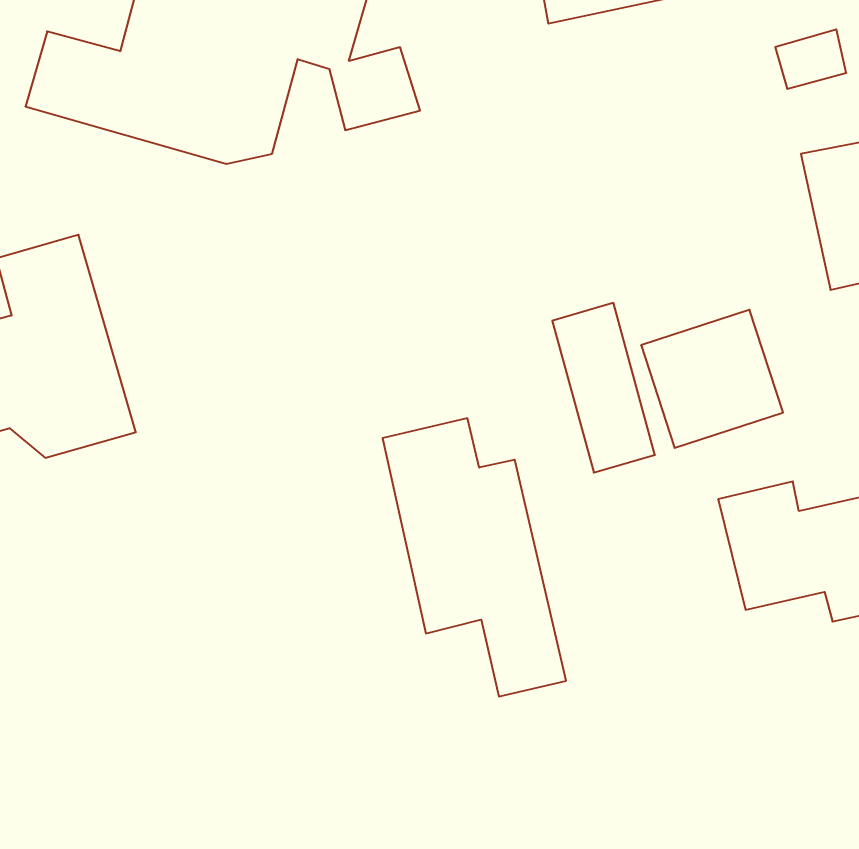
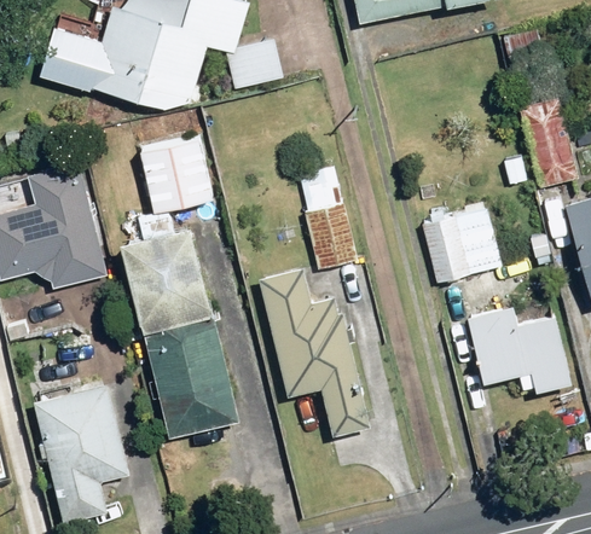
building: none -> [140,133,213,211]
building: [552,303,655,473] -> [294,166,357,269]
building: none -> [120,222,237,440]
building: none -> [34,383,128,524]

